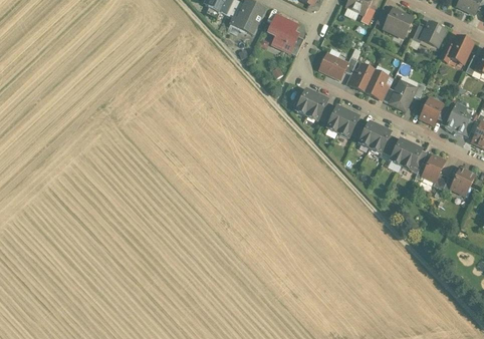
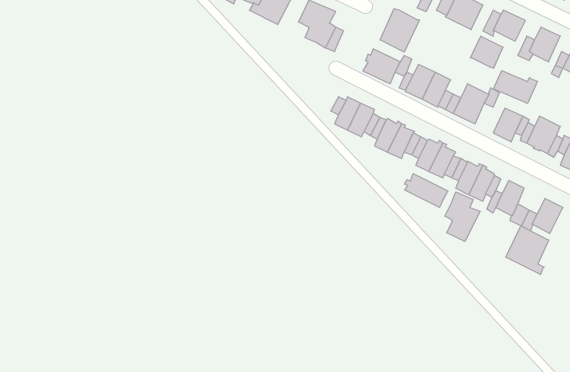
building: none -> [380,9,419,52]
building: none -> [470,36,503,68]
building: none -> [494,71,537,103]
building: none -> [404,174,448,207]
building: none -> [445,192,480,241]
building: none -> [506,226,549,275]

